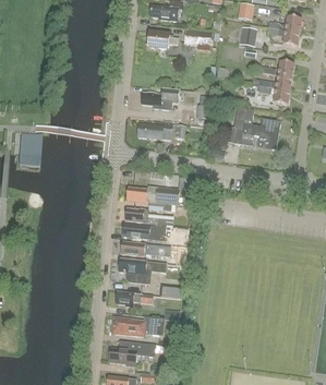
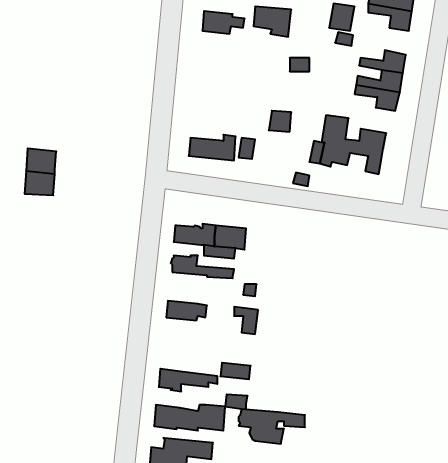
building: [141,87,179,110] -> none
building: [122,224,169,239] -> none
building: [118,258,166,284] -> [239,409,305,444]

